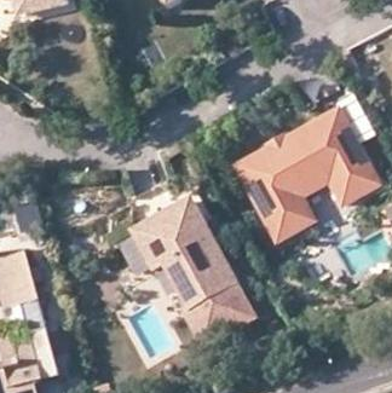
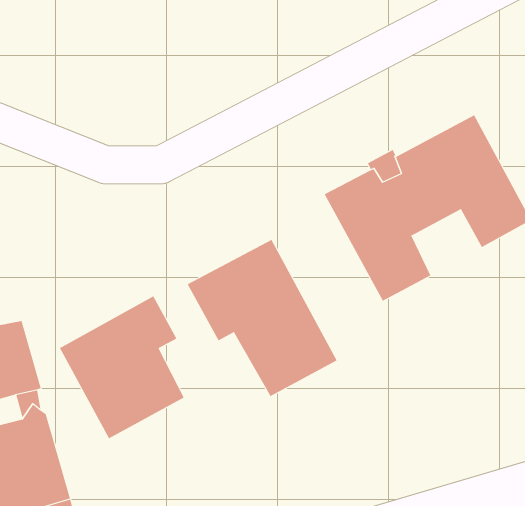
building: none -> [59,296,185,439]
building: [185,282,258,345] -> none

